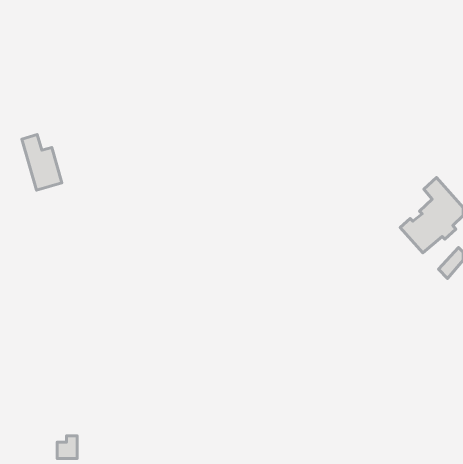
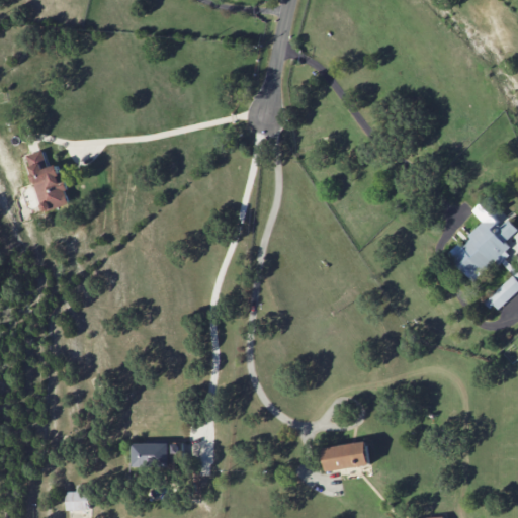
building: none -> [131,443,182,468]
building: none -> [323,443,368,471]

